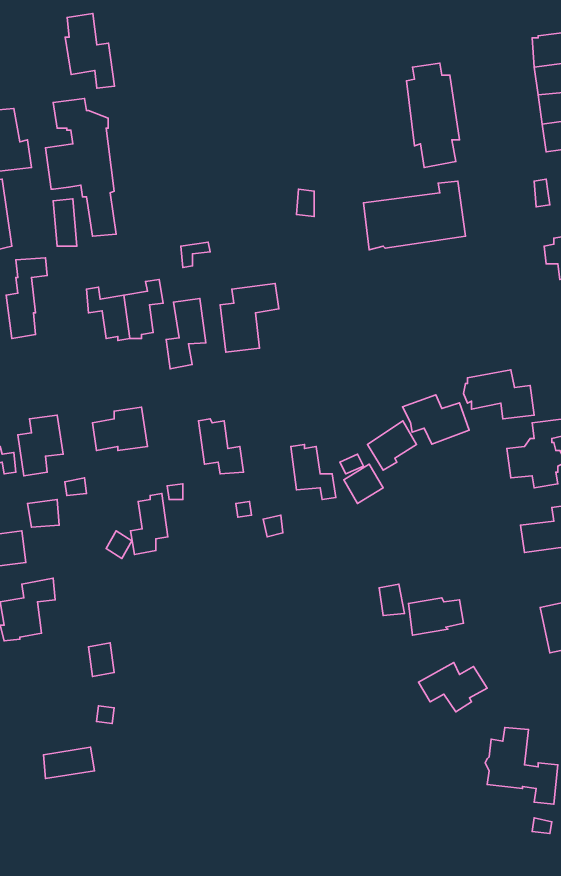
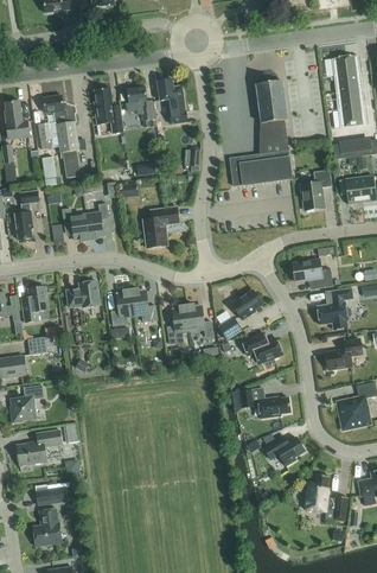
building: [65,14,114,88] -> [94,88,123,133]
building: none -> [156,79,187,123]
building: none -> [127,87,156,127]
building: none -> [301,170,332,210]
building: [166,299,206,369] -> none
building: [403,395,469,444] -> [242,333,282,363]
building: none -> [167,305,190,344]
building: [130,494,168,555] -> [111,289,134,326]
building: none -> [17,429,62,465]
building: none -> [33,509,62,546]

